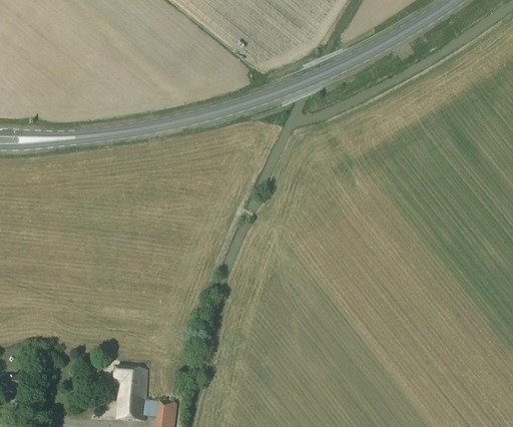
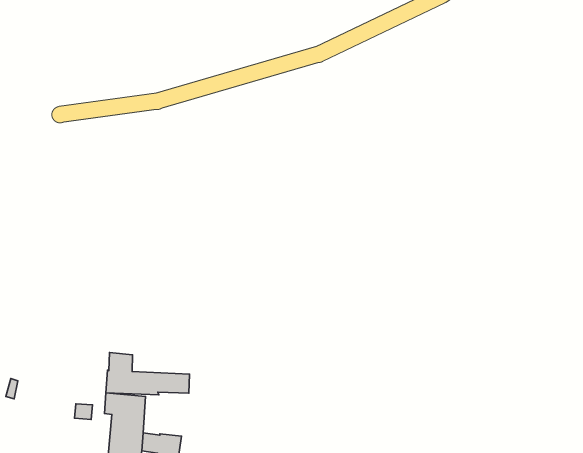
building: none -> [106,352,190,395]

